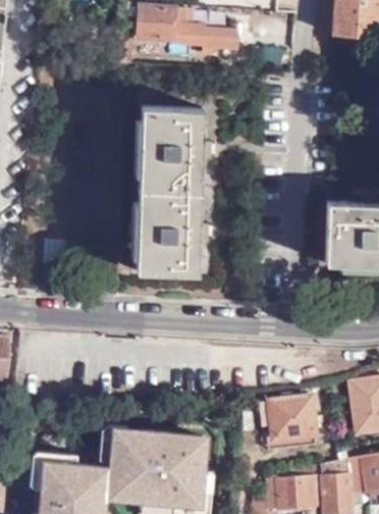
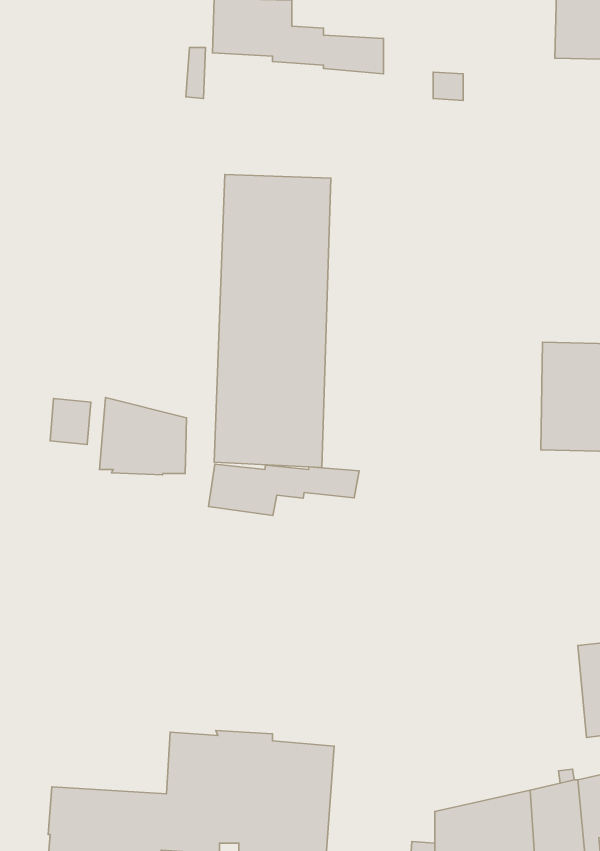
building: none -> [99,398,186,475]
building: none -> [209,464,359,515]
building: [266,394,313,441] -> none

